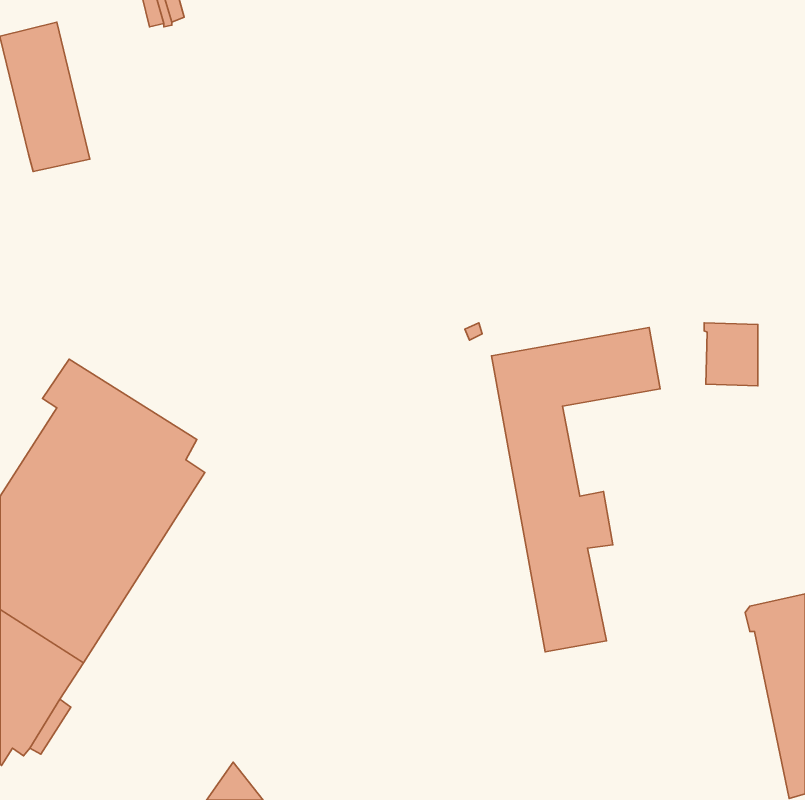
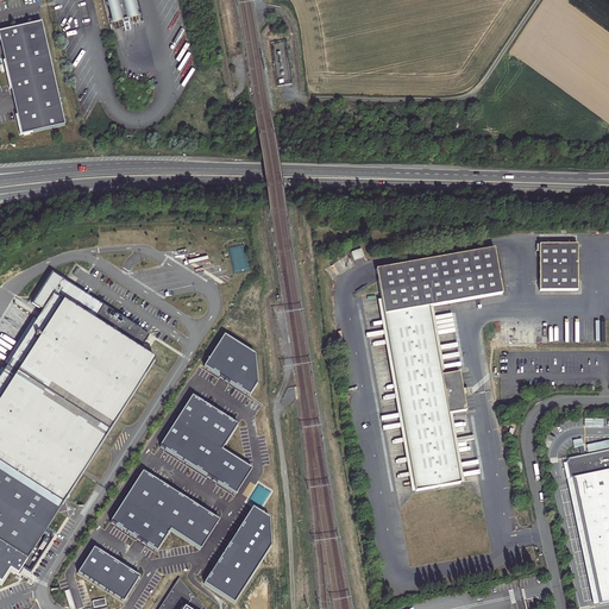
building: none -> [205,333,257,391]
building: none -> [161,393,251,490]
building: none -> [112,470,218,547]
building: none -> [205,504,271,599]
building: none -> [79,545,139,598]

